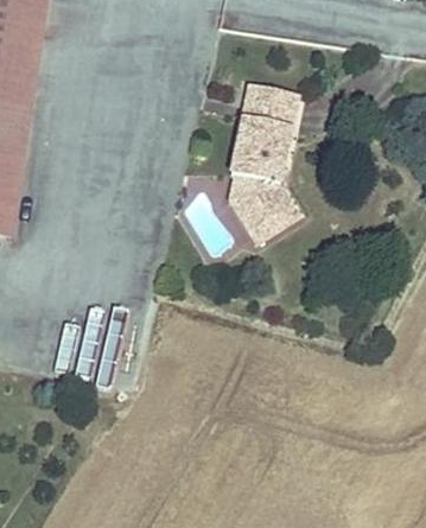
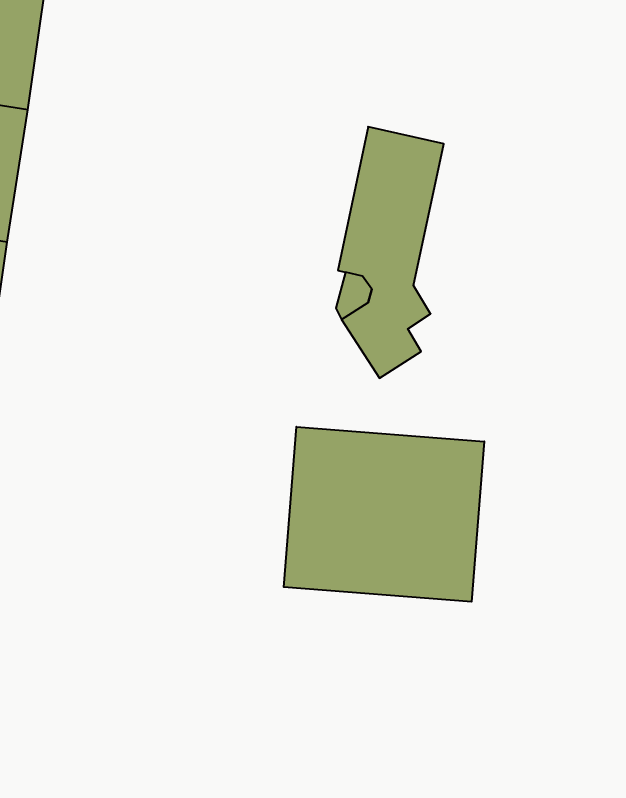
building: none -> [284,427,484,602]

